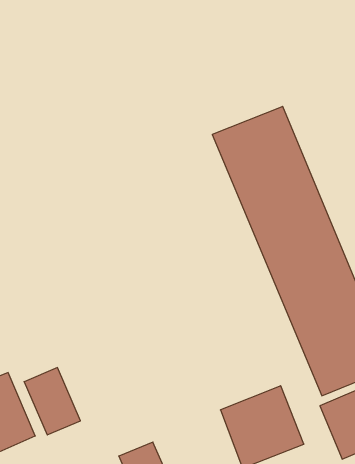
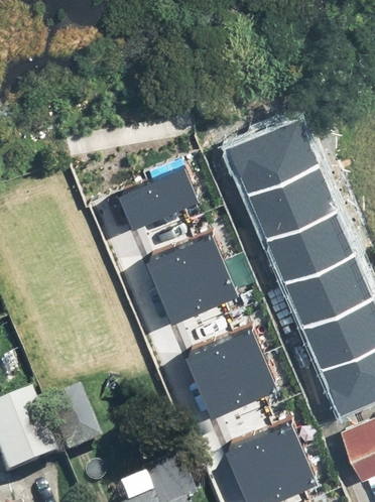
building: none -> [134,162,207,221]
building: none -> [160,233,244,315]
building: none -> [198,324,282,406]

